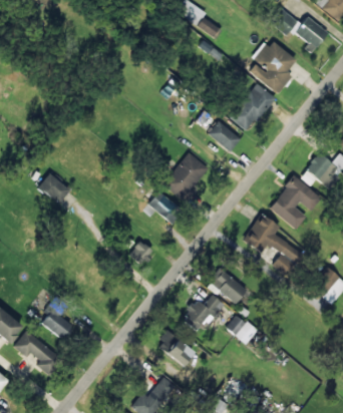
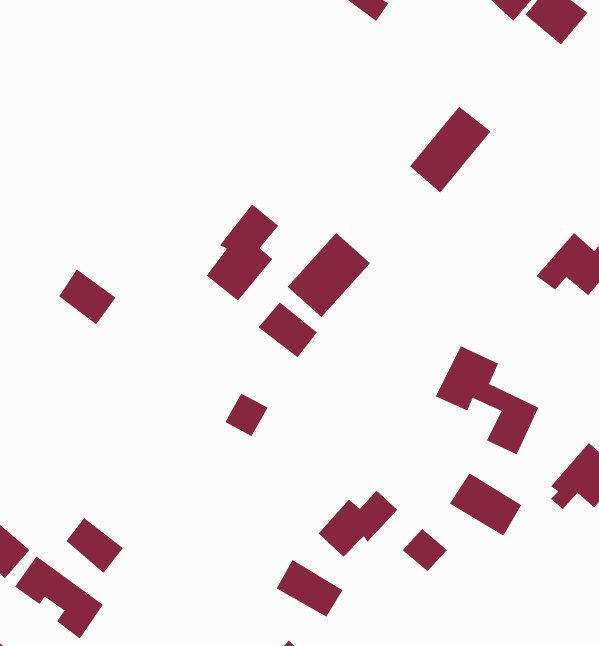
building: [250,38,297,93] -> none
building: [209,120,241,151] -> none
building: none -> [206,203,279,301]
building: [269,175,321,229] -> none
building: [208,269,248,304] -> [449,472,522,536]

